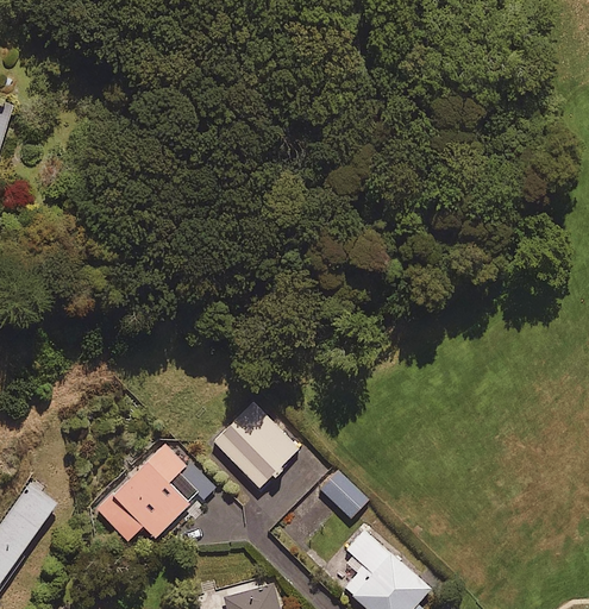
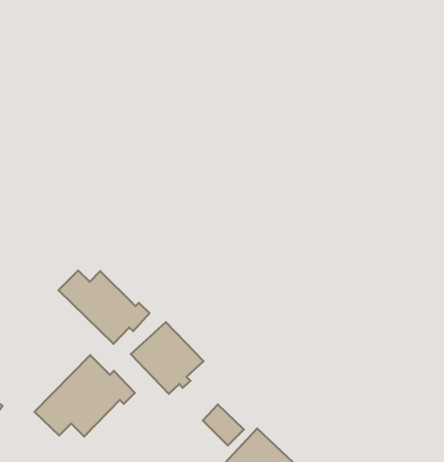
building: none -> [58,270,150,344]
building: [319,470,368,519] -> [203,405,244,445]

